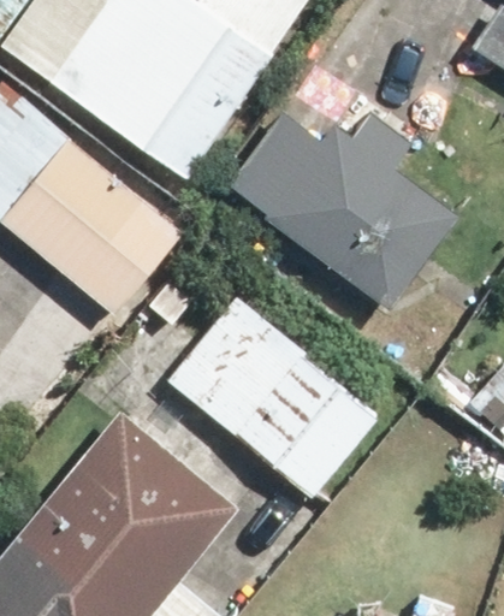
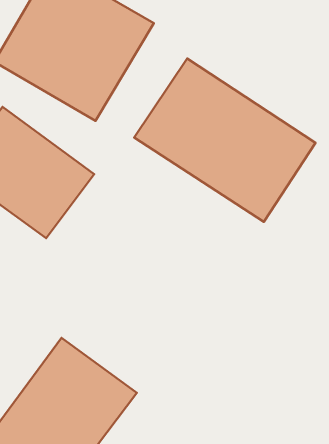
building: [176,300,373,490] -> none

